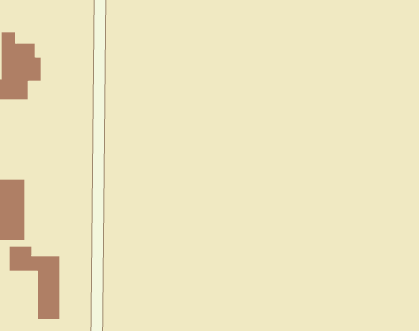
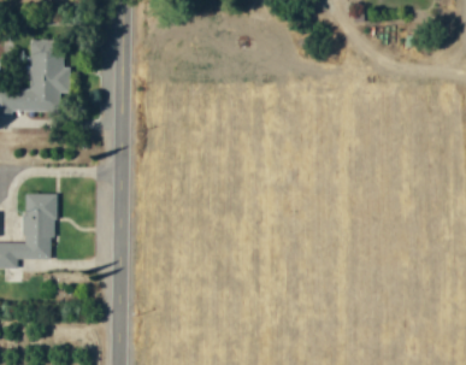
building: [9,246,60,320] -> none

